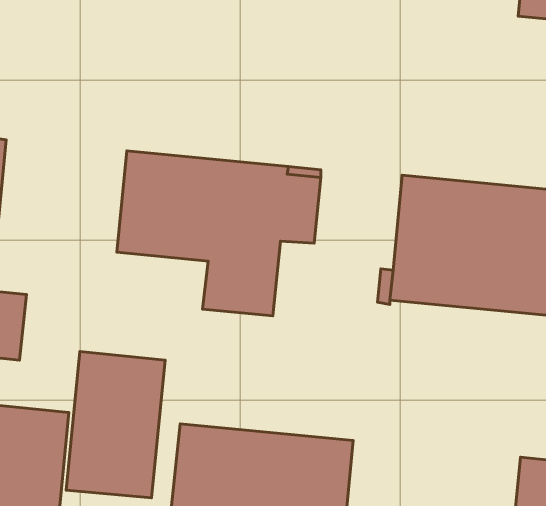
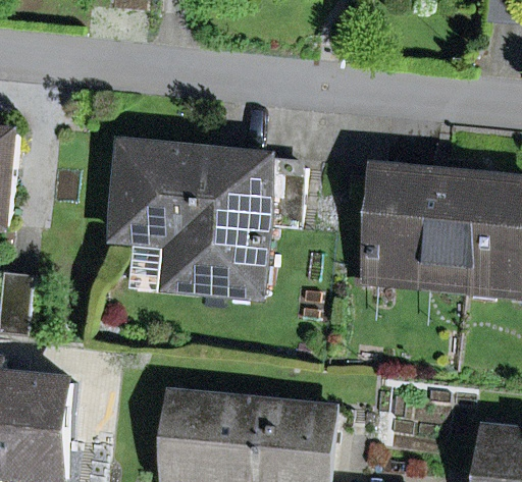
building: [66,352,165,498] -> none

